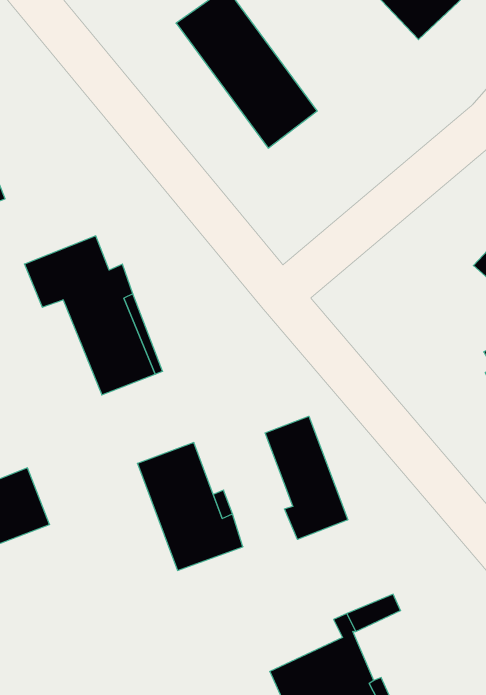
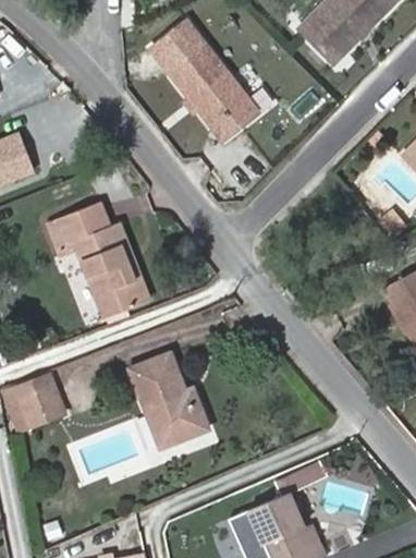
building: [265,416,348,539] -> none

